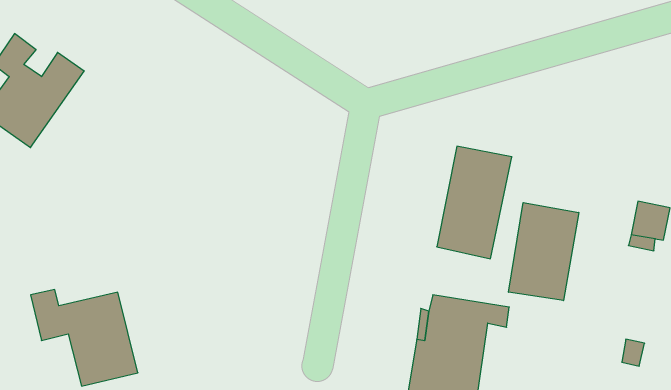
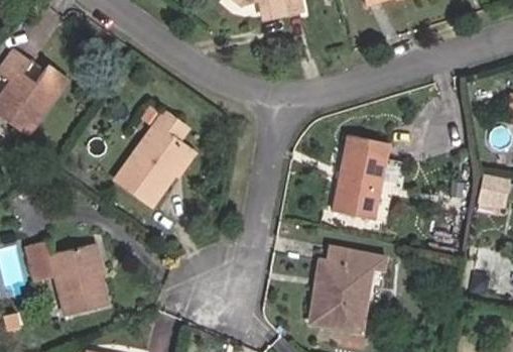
building: none -> [117,105,190,204]
building: [509,203,579,301] -> none

